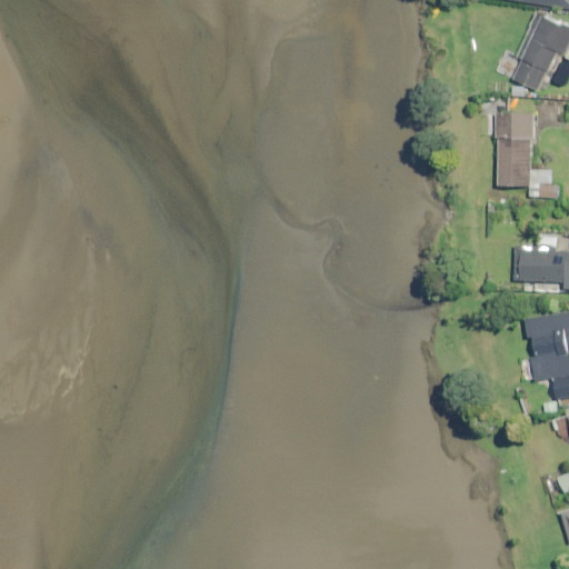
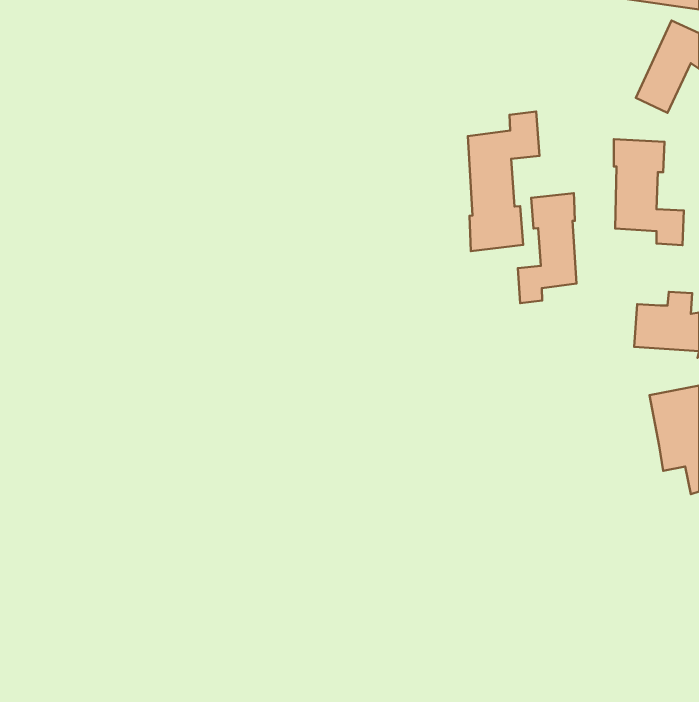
building: none -> [468,112,539,251]
building: none -> [518,193,576,303]

